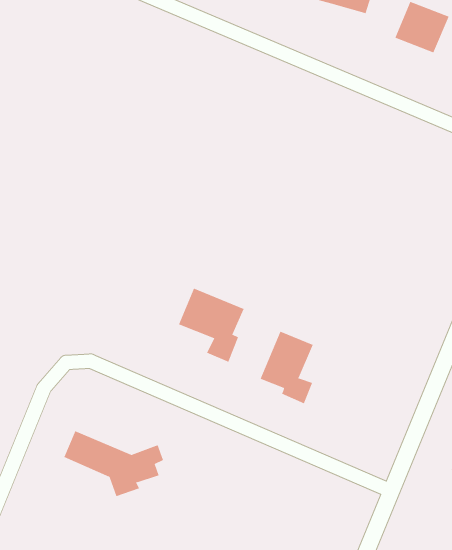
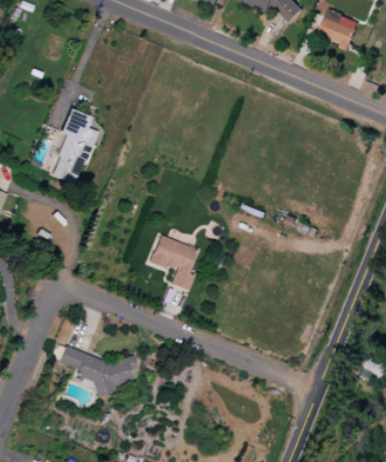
building: none -> [51,108,93,183]
building: [260,331,314,404] -> none

